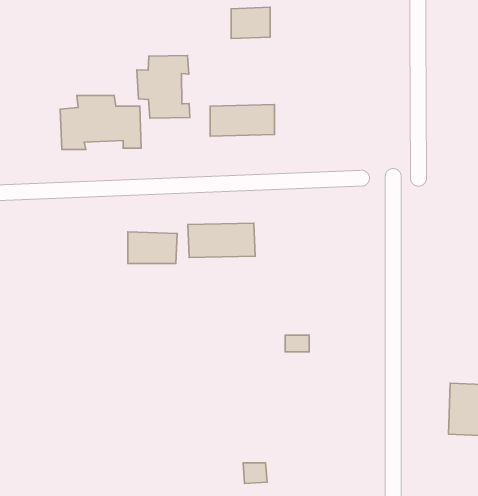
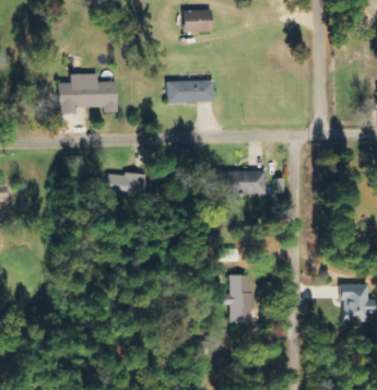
building: [137,55,190,118] -> none
building: [188,223,255,258] -> [217,169,267,194]
building: none -> [224,274,254,323]

